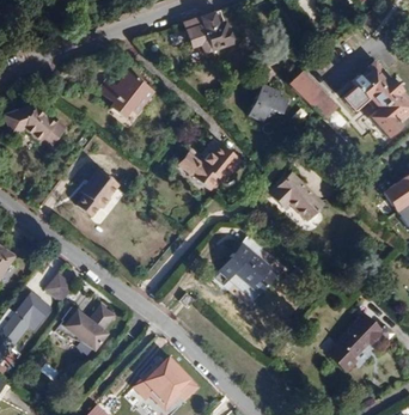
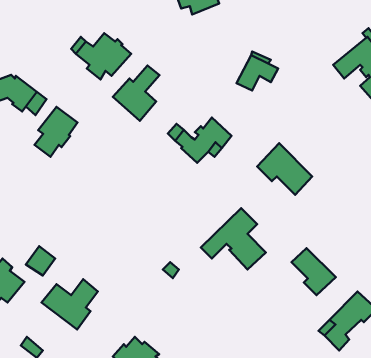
building: [291,71,338,118] -> none
building: none -> [113,66,160,121]
building: [78,172,120,221] -> [34,107,77,157]
building: none -> [292,248,336,295]

